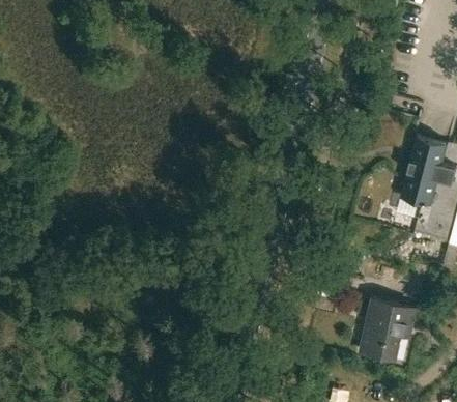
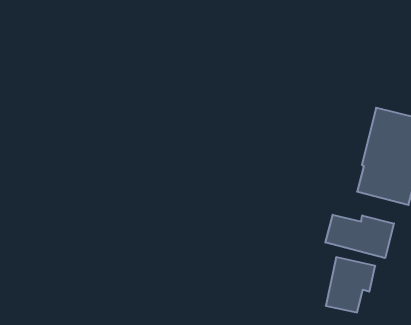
building: none -> [325,215,394,258]

